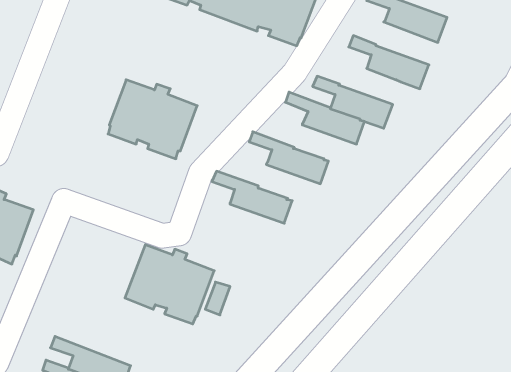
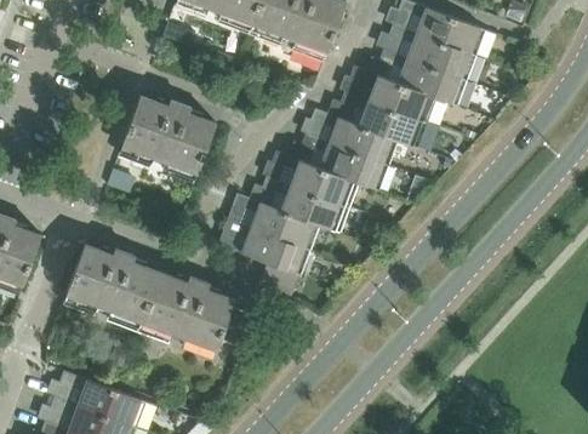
building: none -> [388,23,474,79]
building: none -> [349,65,434,121]
building: none -> [301,133,387,190]
building: none -> [262,175,348,233]
building: none -> [223,217,309,275]
building: none -> [64,242,160,329]

